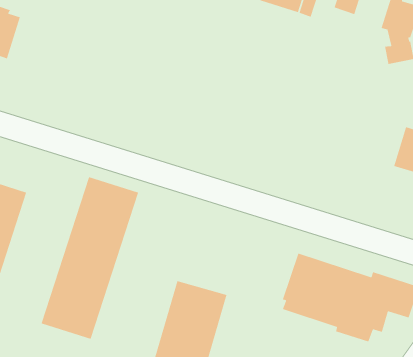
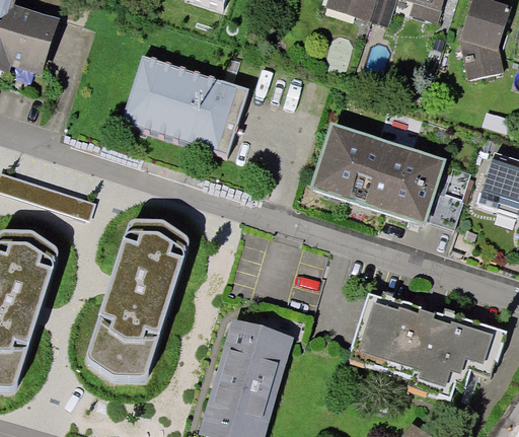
building: none -> [121,58,249,159]
building: none -> [308,120,445,225]

